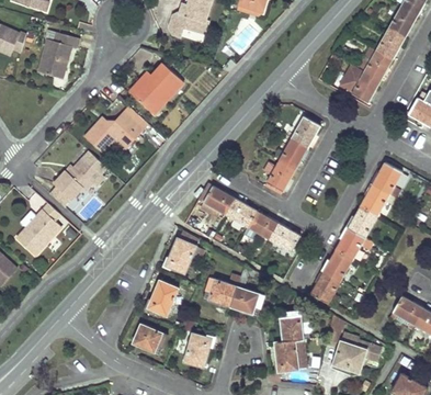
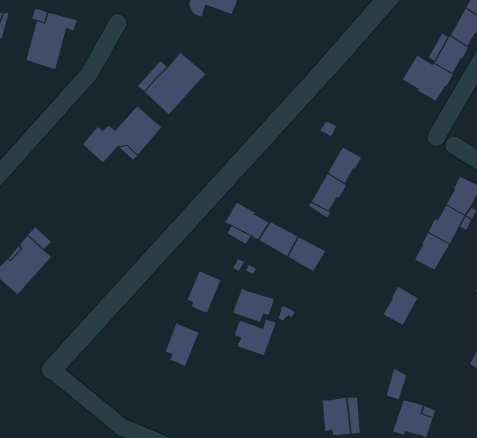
building: [292,116,320,147] -> none
building: [53,159,95,200] -> none
building: [269,225,300,251] -> none
building: [336,229,373,260] -> none
building: [310,273,340,304] -> none
building: [229,286,263,314] -> [232,288,275,322]
building: [280,312,304,341] -> none
building: [134,324,167,352] -> none
building: [184,334,211,366] -> none

